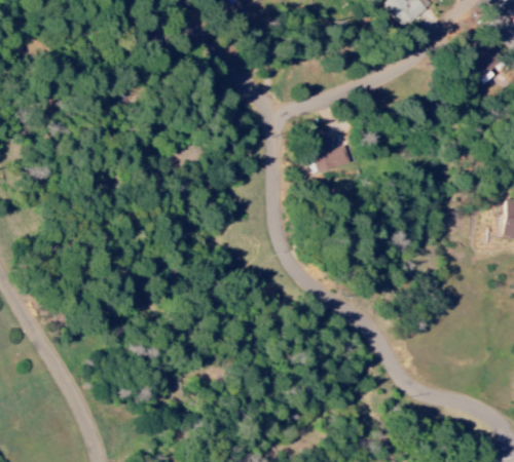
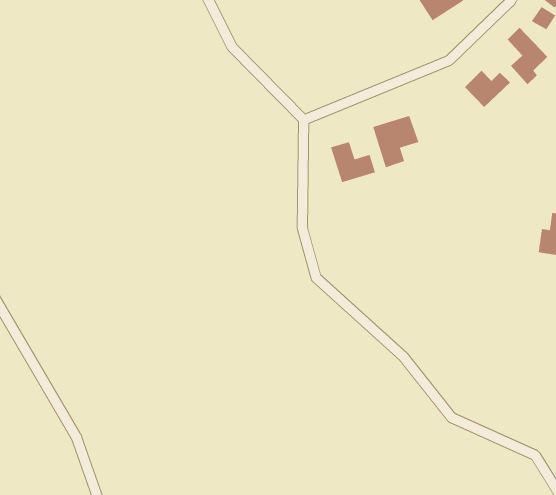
building: none -> [464,70,511,108]
building: none -> [373,115,419,168]

